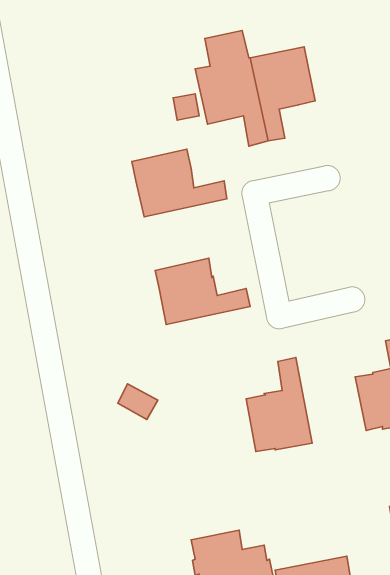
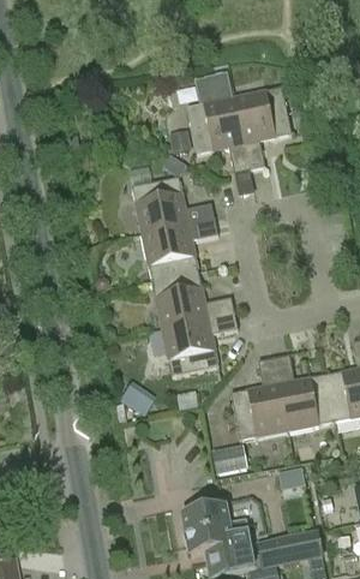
building: none -> [142,217,217,280]
building: none -> [161,311,236,375]
building: none -> [274,353,335,430]
building: none -> [211,443,247,472]

